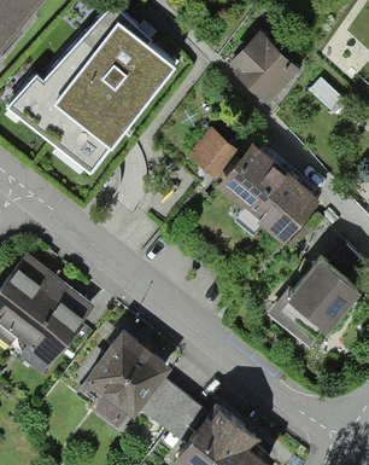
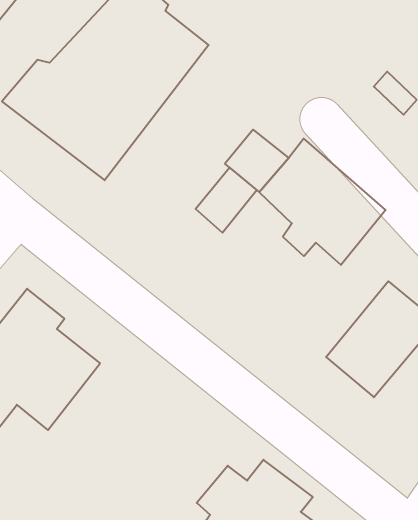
building: [228,30,303,105] -> none
building: none -> [196,168,257,233]
building: [77,330,192,432] -> none

